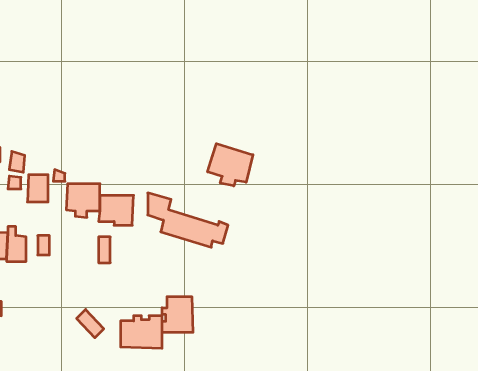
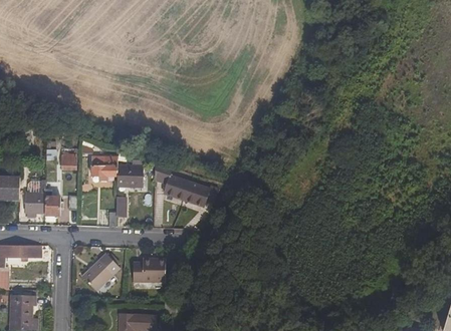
building: [208,144,253,186] -> none
building: [162,297,193,332] -> none
building: none -> [82,260,114,291]

